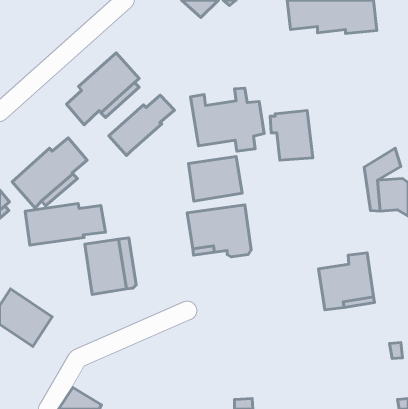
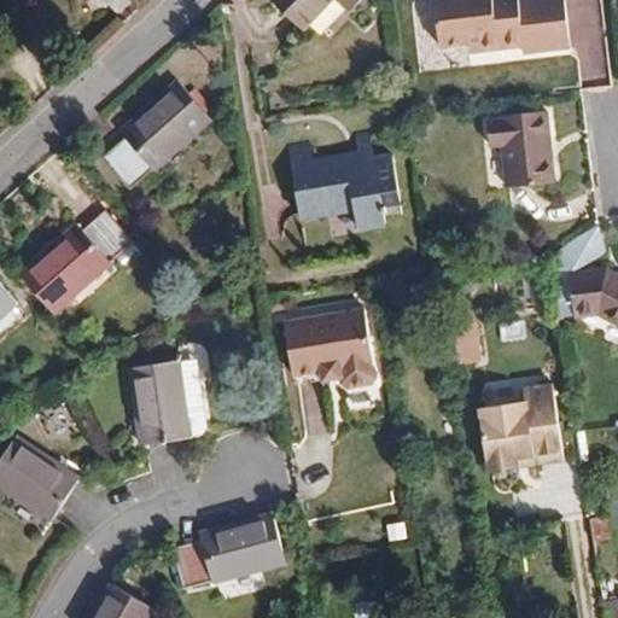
building: [109,95,175,156] -> none
building: [270,111,313,160] -> [489,111,553,186]
building: [188,157,242,201] -> none
building: [25,204,105,245] -> none
building: none -> [170,512,285,588]

